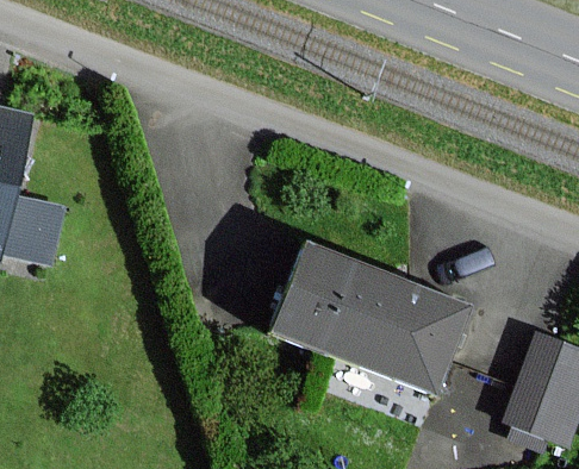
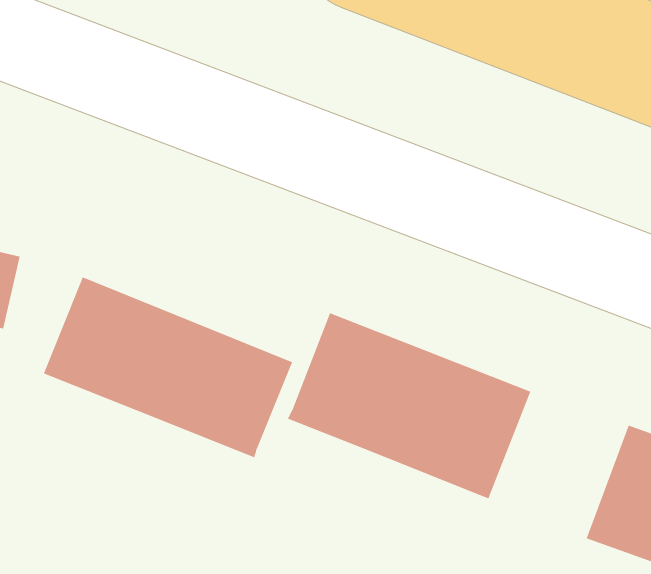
building: none -> [43,276,293,458]

